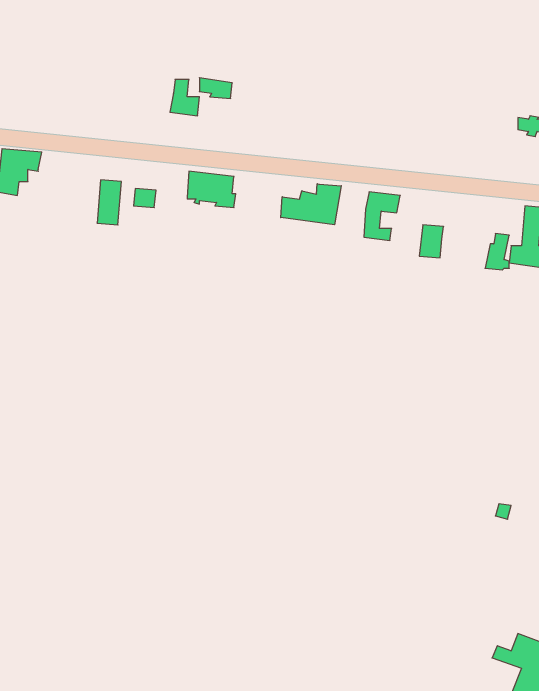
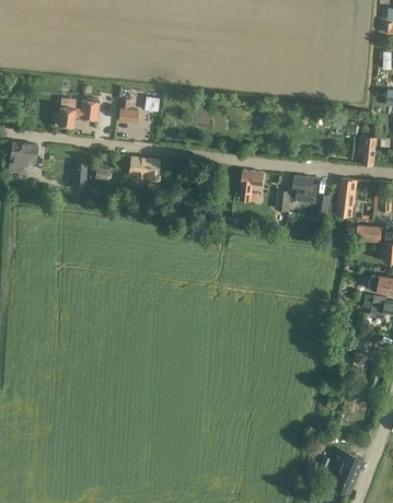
building: none -> [58,98,99,128]
building: [281,184,341,225] -> none
building: none -> [290,176,317,203]

